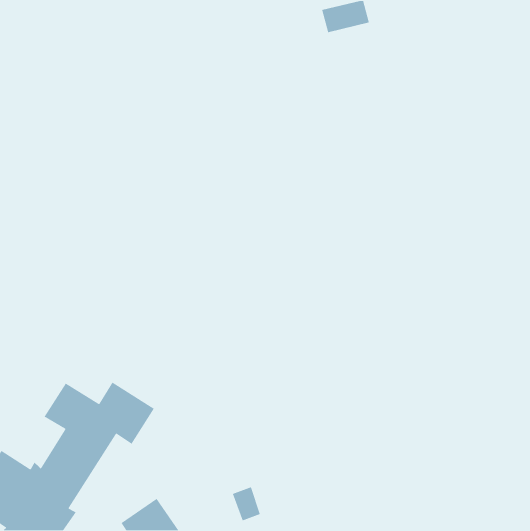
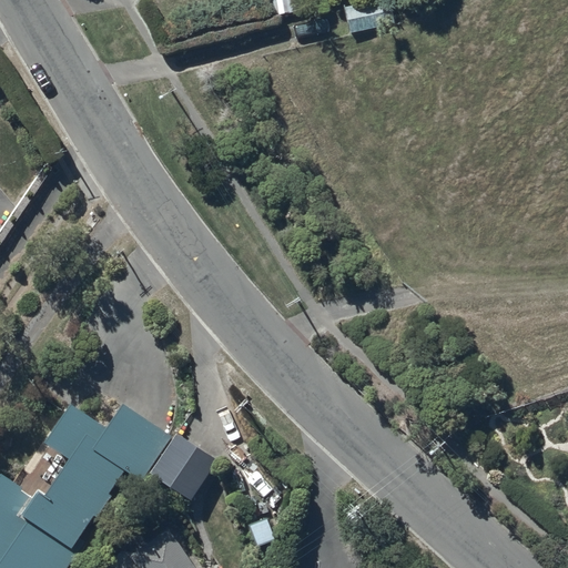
building: none -> [149,435,214,499]

